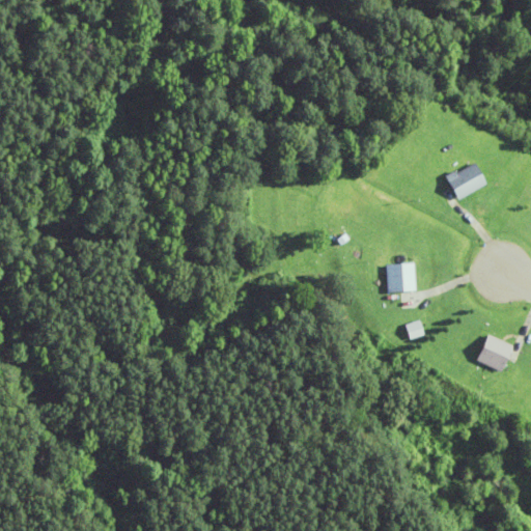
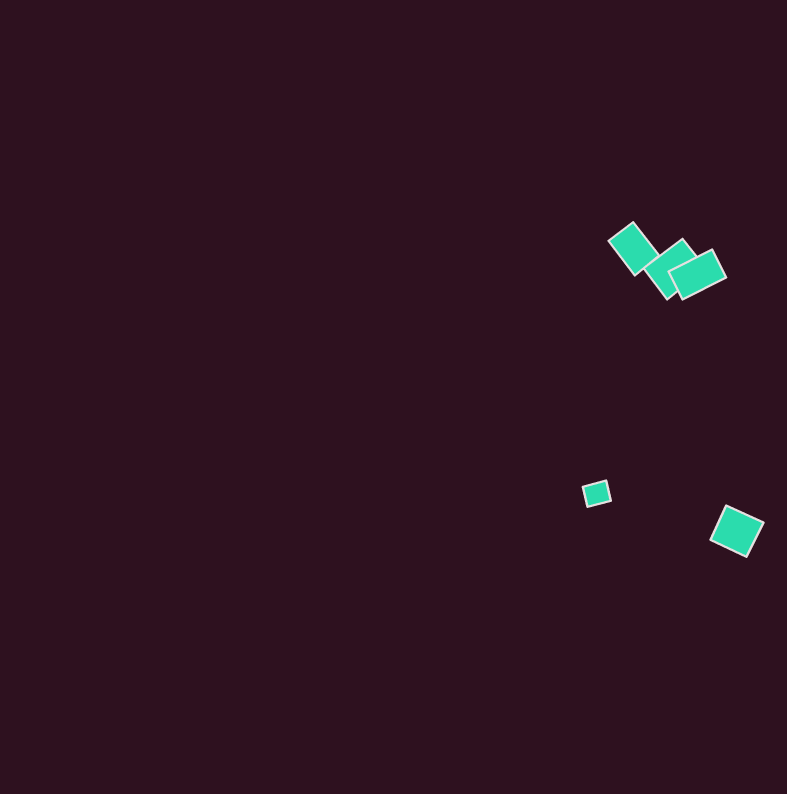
building: none -> [608,222,659,276]
building: [388,263,415,291] -> none

